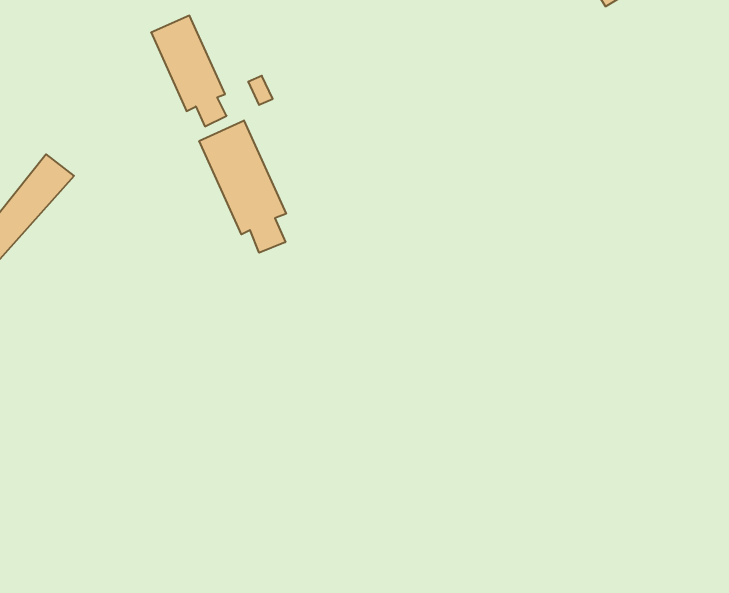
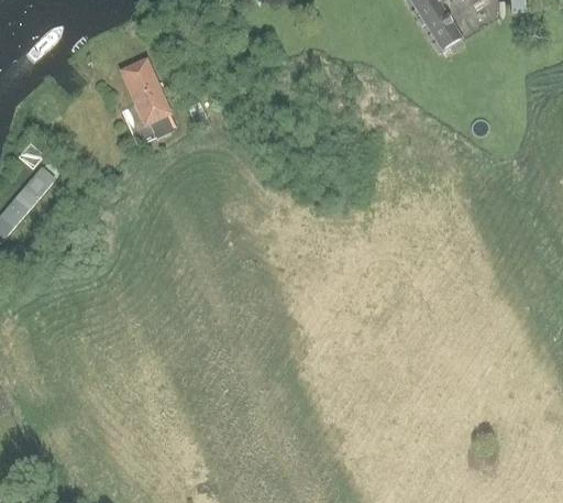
building: [199,120,286,253] -> none

